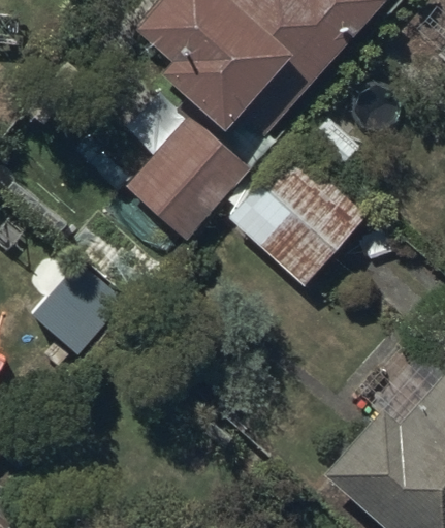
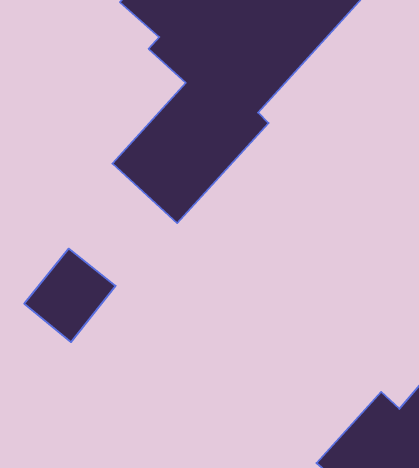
building: [230,146,370,286] -> none

